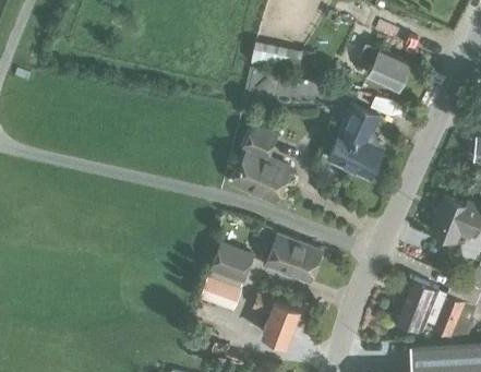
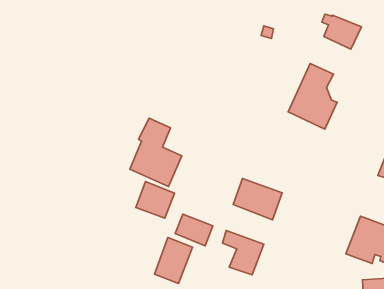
building: [231,125,290,203] -> [130,118,182,187]
building: [209,241,253,283] -> [136,182,174,218]
building: none -> [155,237,192,283]

